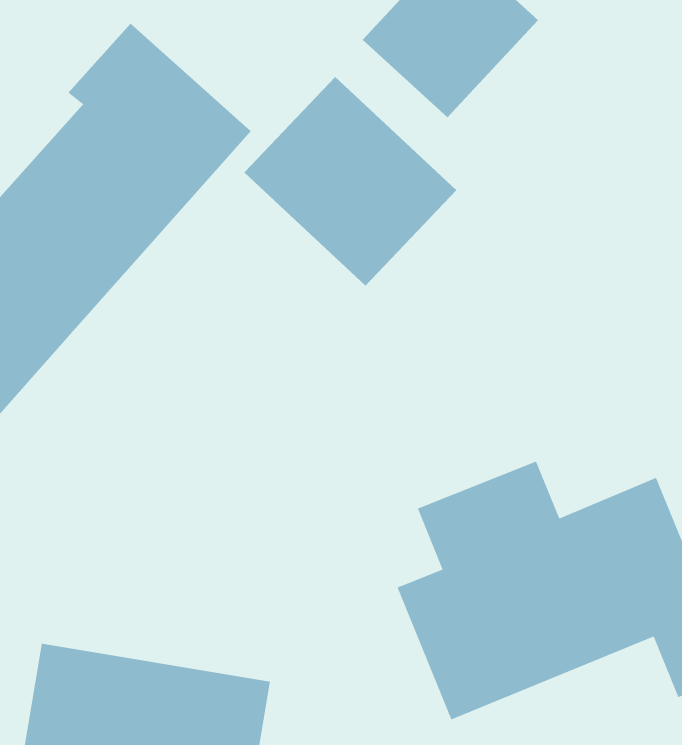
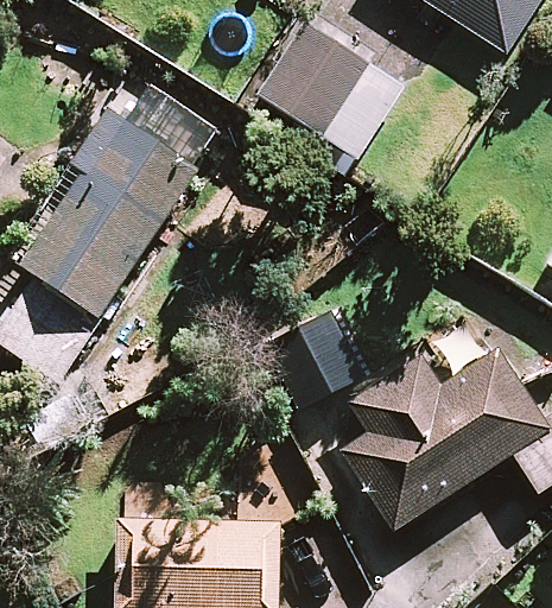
building: [243,76,457,287] -> none

